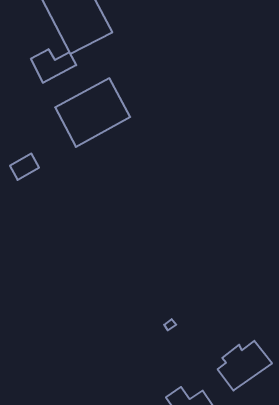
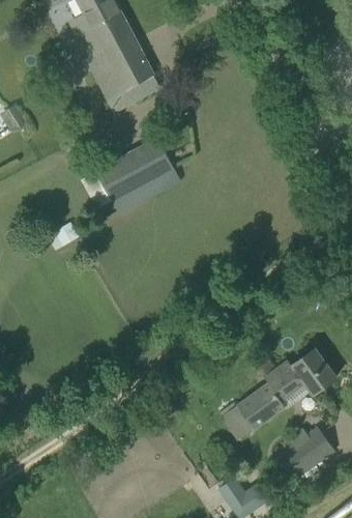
building: [31,49,76,83] -> none
building: none -> [224,347,338,440]

